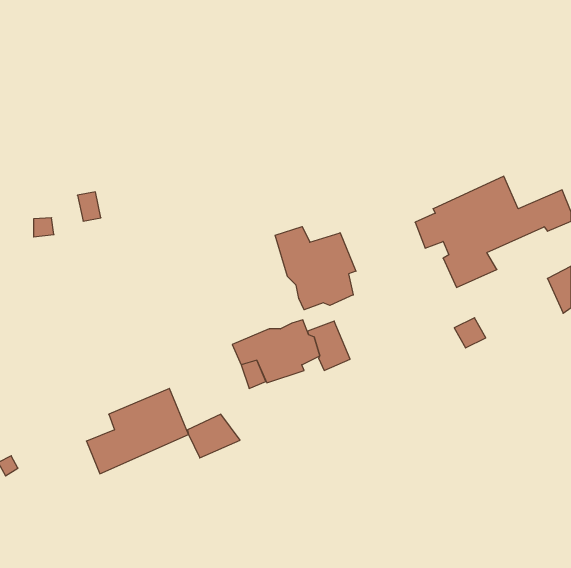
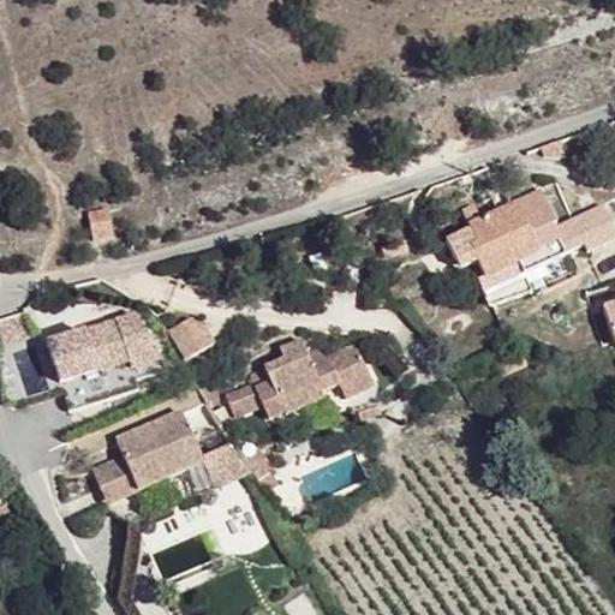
building: [275,227,356,310] -> none
building: none -> [43,299,159,377]
building: none -> [166,311,211,357]

